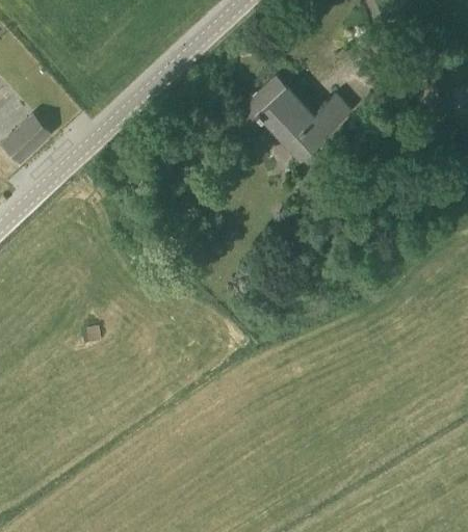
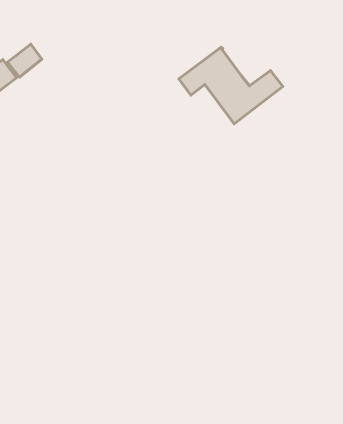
building: none -> [8,44,42,77]

